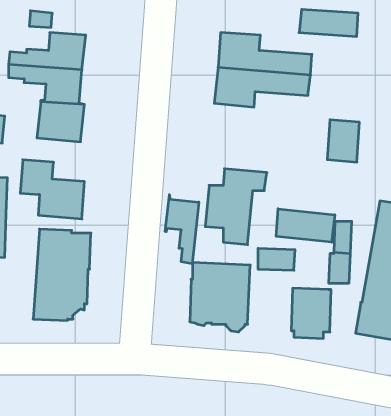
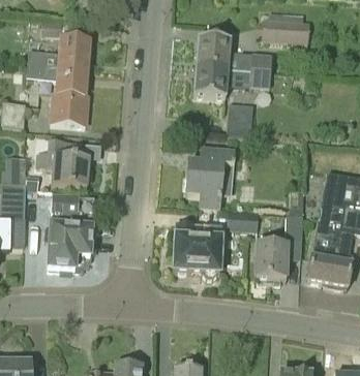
building: [327,120,359,162] -> [228,101,253,135]
building: [165,195,199,264] -> none
building: [276,209,335,242] -> none

